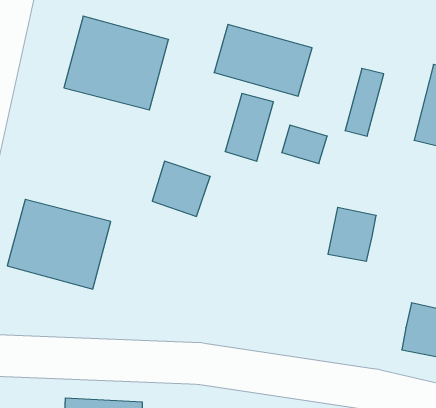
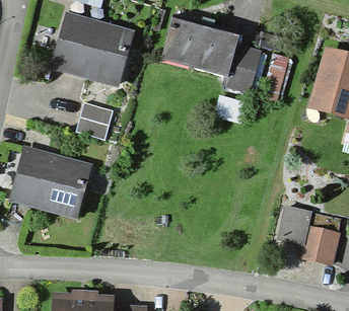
building: [225,94,273,161] -> [226,44,262,93]
building: [152,161,210,216] -> [73,100,116,141]
building: [328,207,376,261] -> [277,204,312,243]

